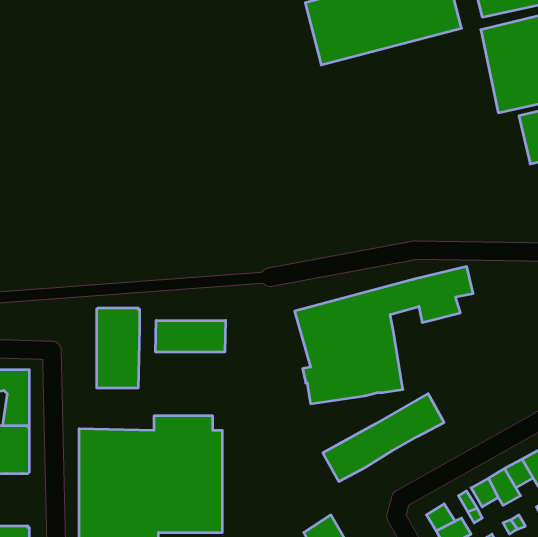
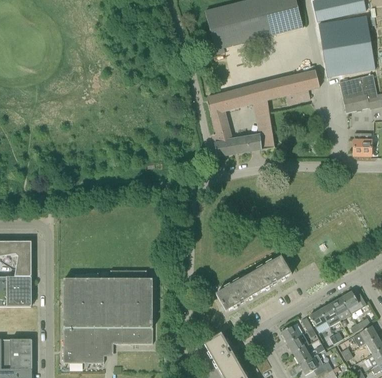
building: [295,267,473,404] -> [206,69,318,155]
building: [97,308,139,388] -> none
building: [156,320,226,352] -> none

